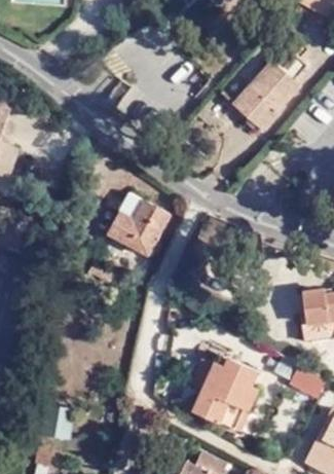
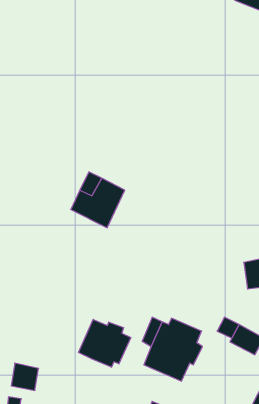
building: [235,44,308,124] -> none
building: none -> [79,319,131,367]

